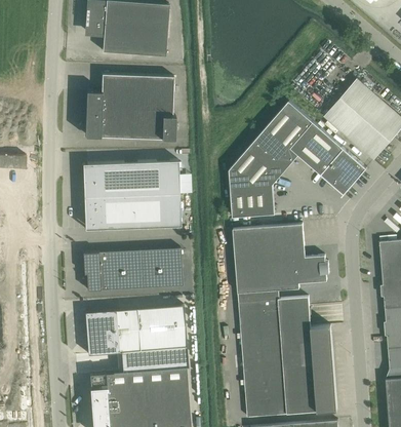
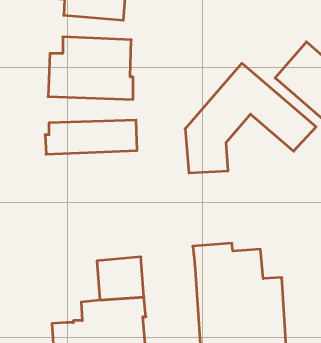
building: [83,193,179,230] -> none
building: [233,224,329,294] -> none
building: [82,248,182,290] -> none
building: [84,309,139,354] -> none

